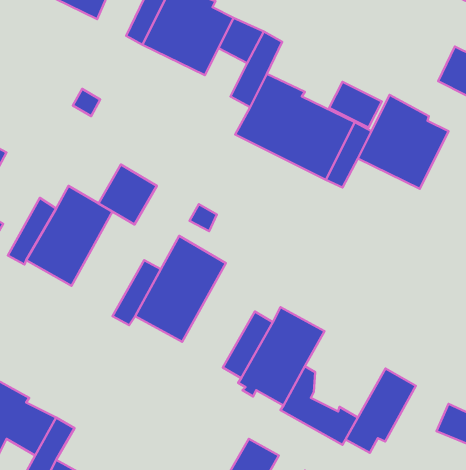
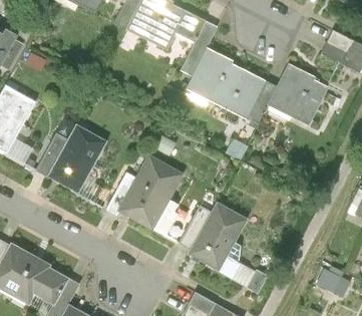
building: [329,82,382,127] -> none
building: [99,165,157,225] -> none
building: [346,368,416,453] -> none

